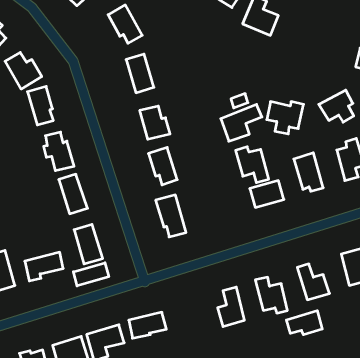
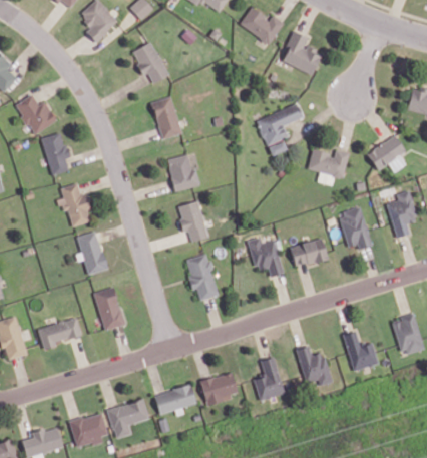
building: [221,104,262,141] -> [257,104,303,145]
building: [236,147,269,183] -> [247,237,284,277]
building: [73,263,109,286] -> none
building: none -> [199,372,239,405]
building: [286,311,322,335] -> none

